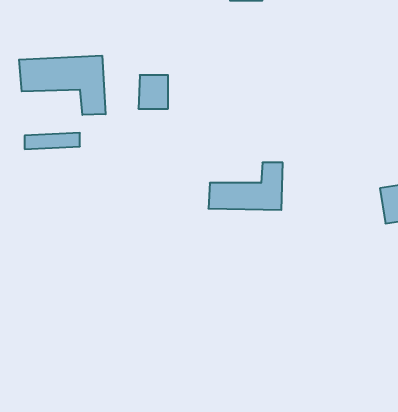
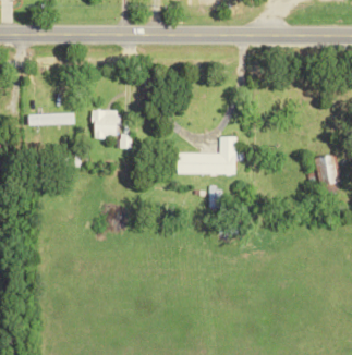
building: [19,56,106,115] -> none
building: [138,75,168,109] -> [93,110,117,137]

